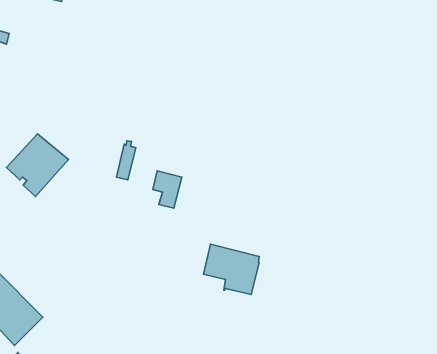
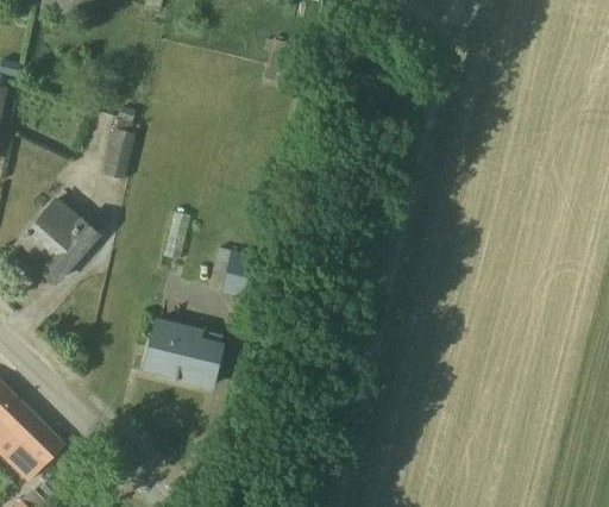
building: none -> [102,107,134,180]
building: [203,244,259,295] -> [146,318,221,386]

